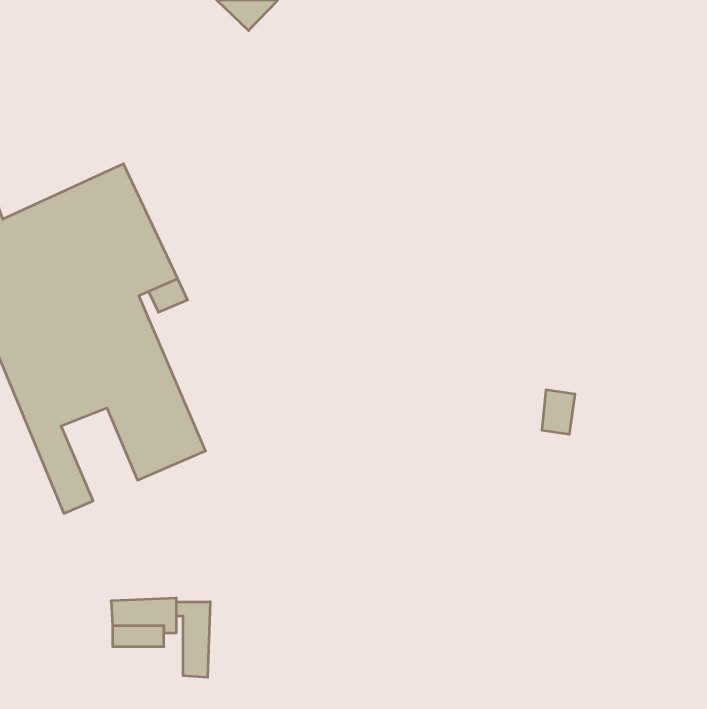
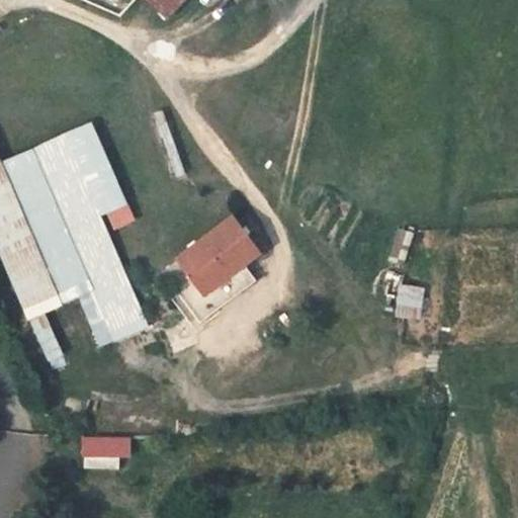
building: none -> [176,219,259,294]
building: [176,602,210,677] -> none

